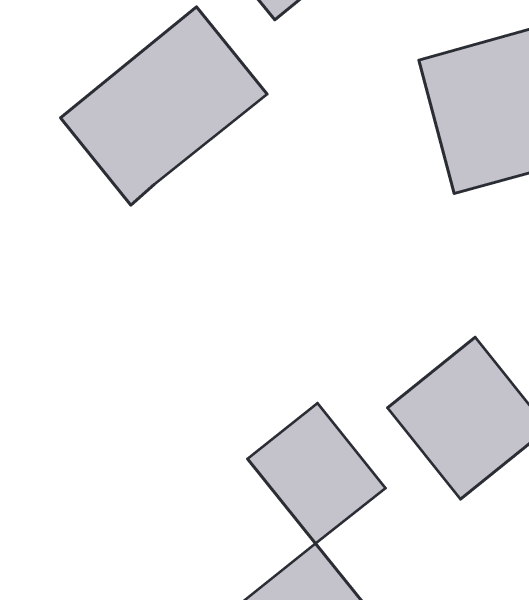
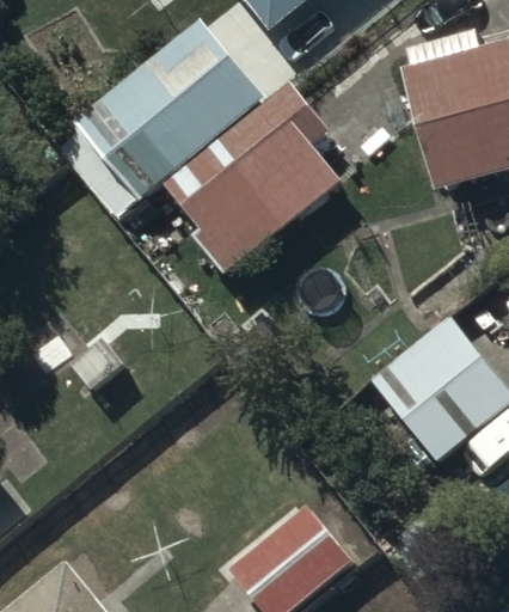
building: none -> [160,78,341,277]
building: [247,403,385,544] -> none

